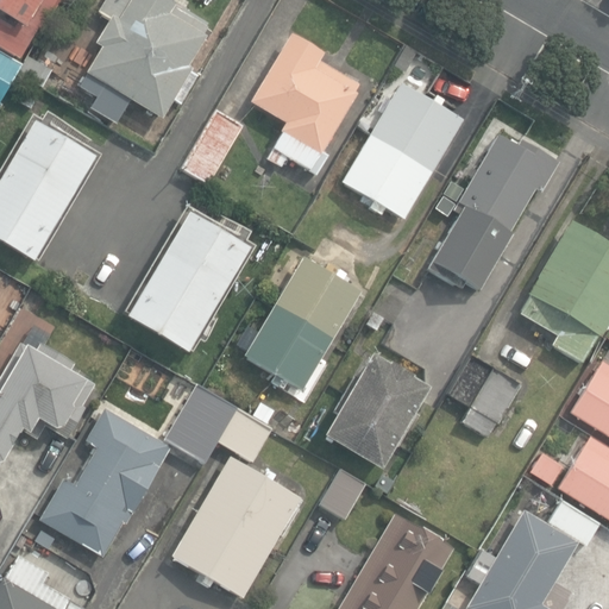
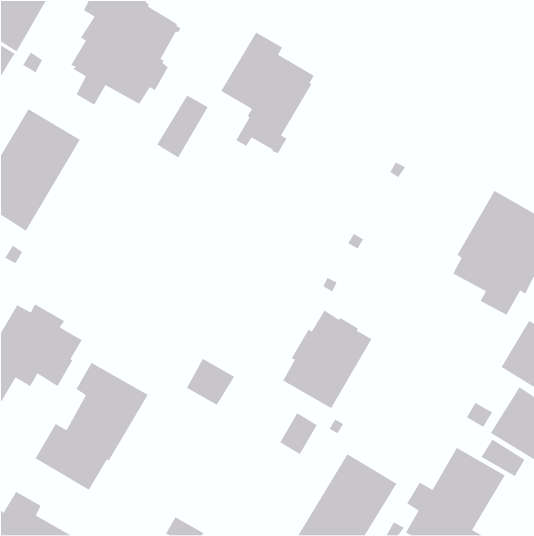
building: [343,84,463,219] -> none
building: [429,136,559,291] -> none
building: [127,214,247,353] -> none
building: [245,258,360,390] -> none
building: [446,352,519,434] -> none
building: [162,383,232,460] -> none
building: [172,457,301,598] -> none

